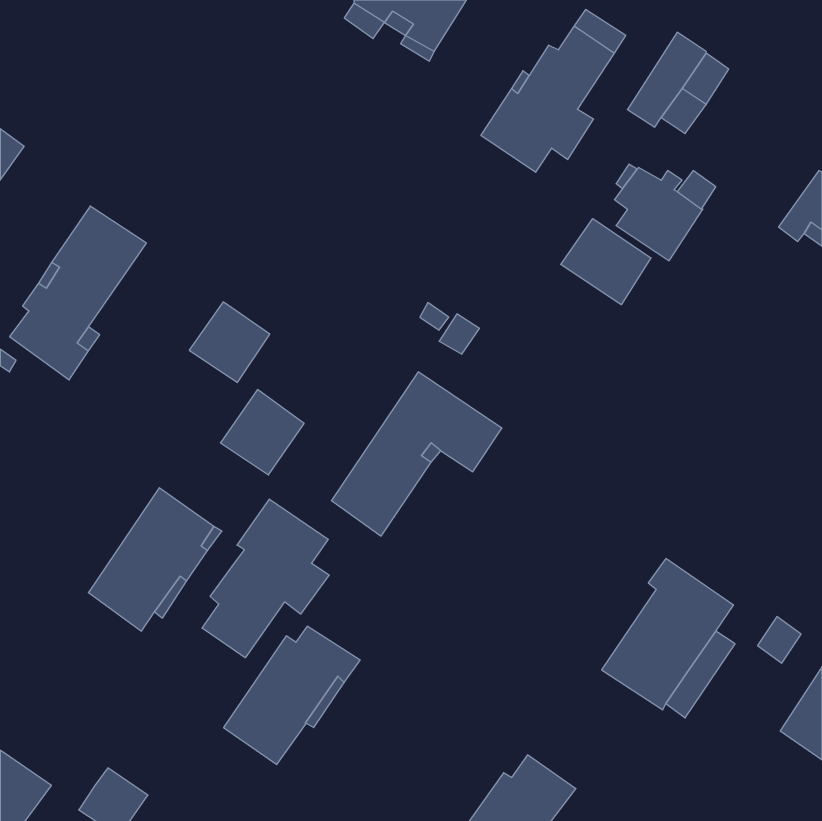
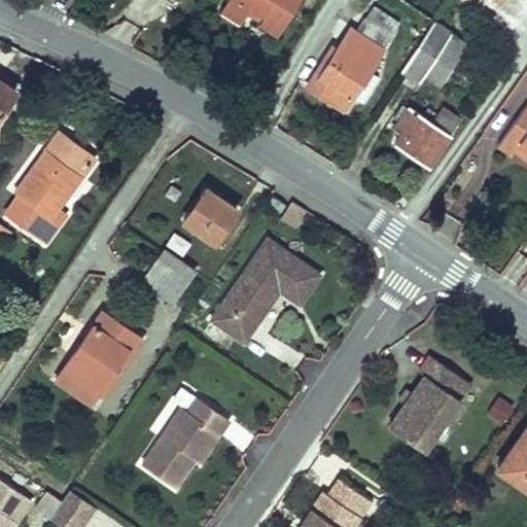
building: [561,219,651,305] -> none
building: [189,302,270,382] -> [184,190,236,242]
building: [202,499,329,658] -> none

